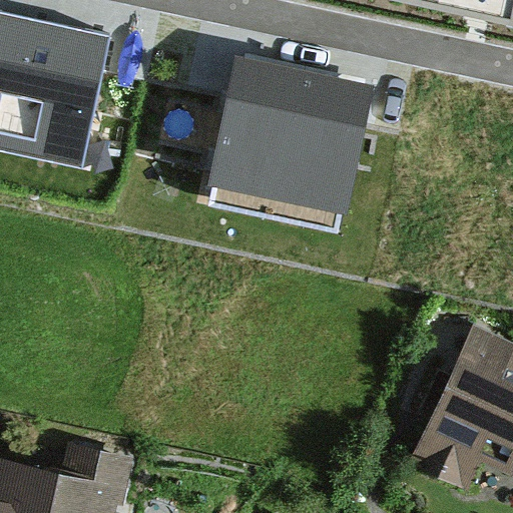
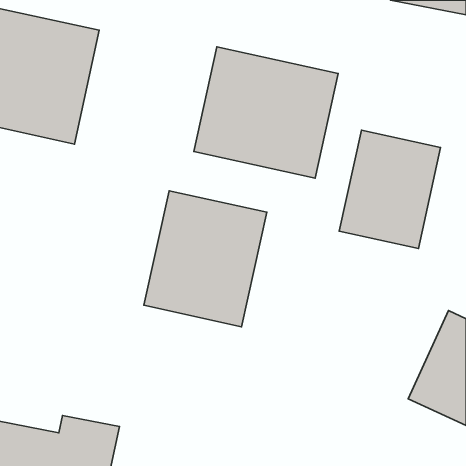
building: none -> [339,130,441,249]
building: none -> [144,191,267,327]

